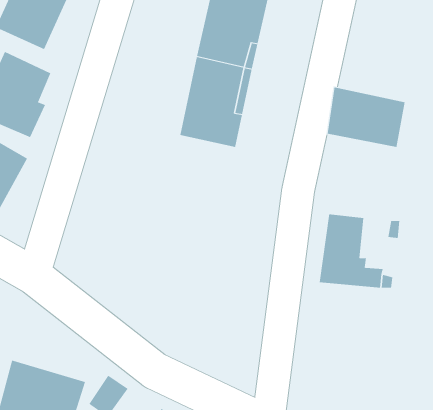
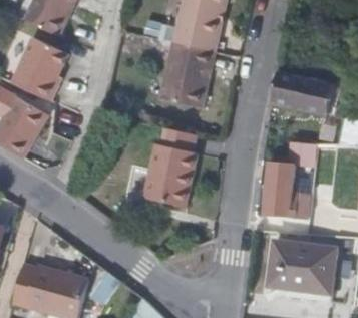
building: none -> [141,127,196,207]
building: none -> [265,234,331,293]

